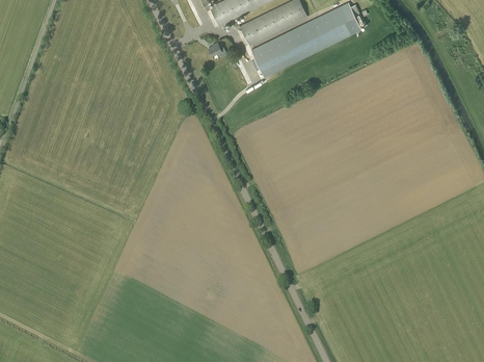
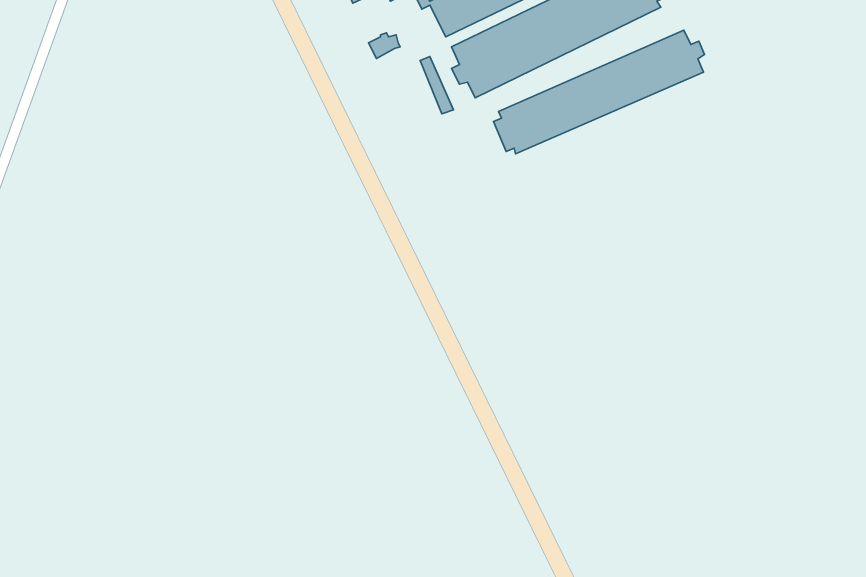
building: none -> [493,30,705,154]

